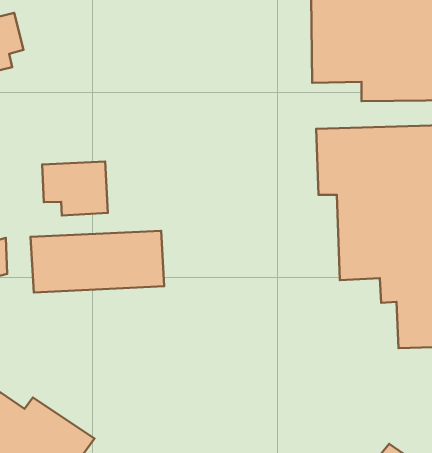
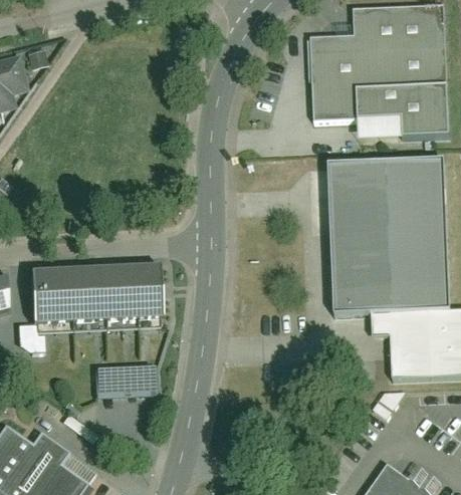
building: [42,161,108,215] -> none
building: none -> [96,363,158,398]

